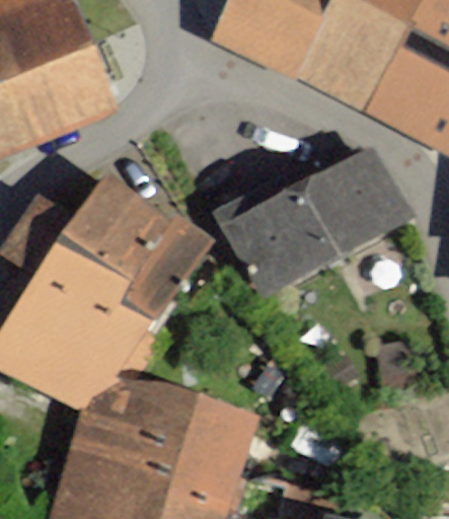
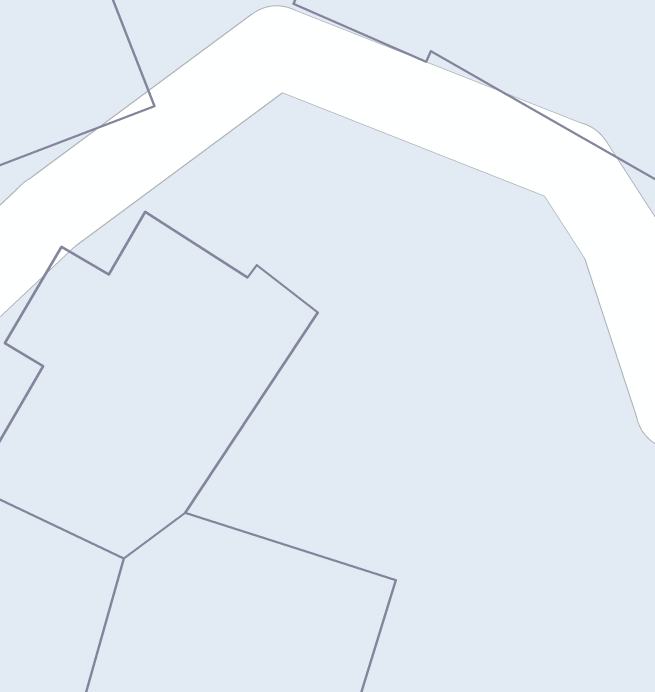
building: [209,148,402,292] -> none

